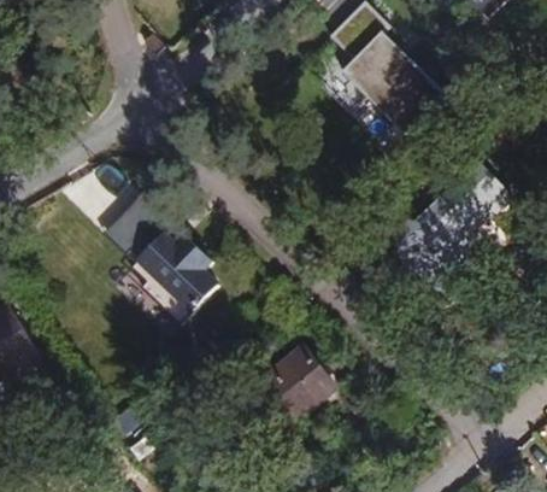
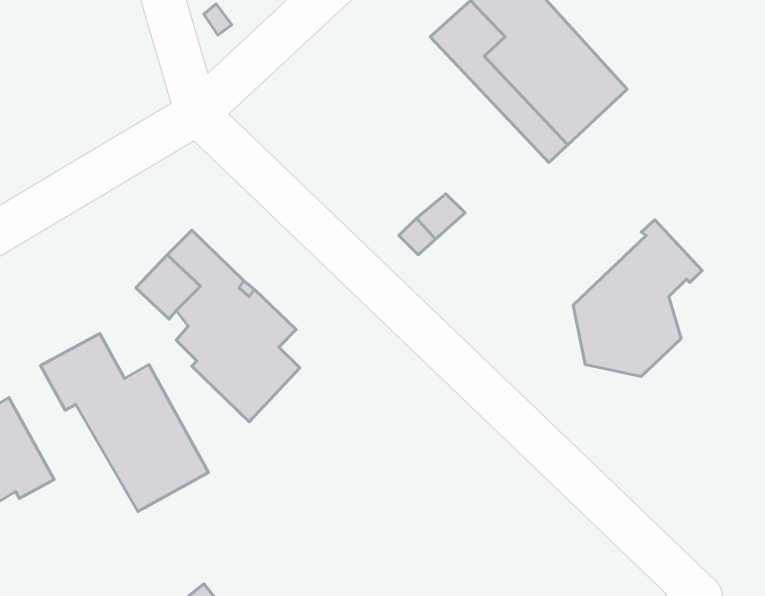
building: none -> [41,334,209,512]
building: [260,346,340,426] -> none

